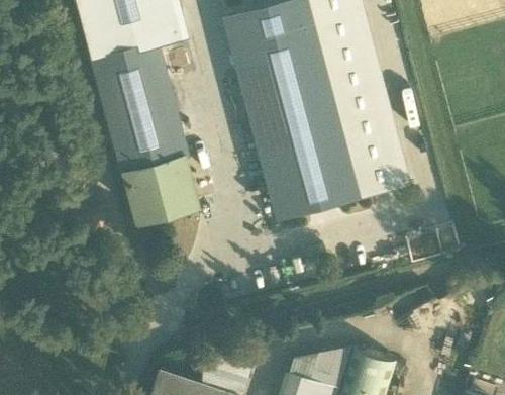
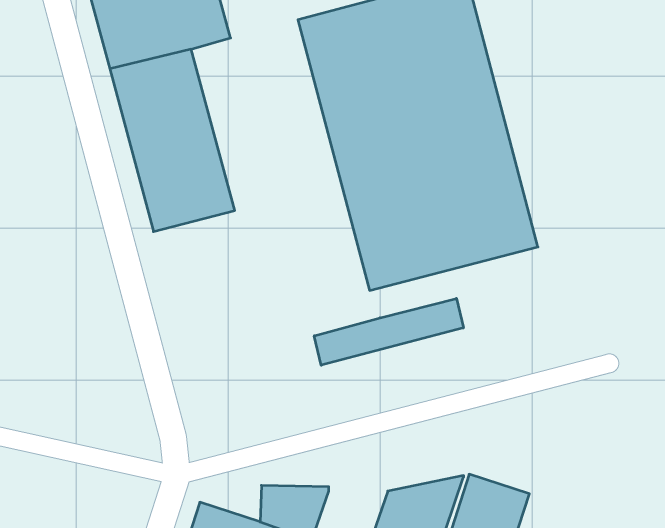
building: [124,158,195,220] -> none
building: none -> [314,298,463,365]

